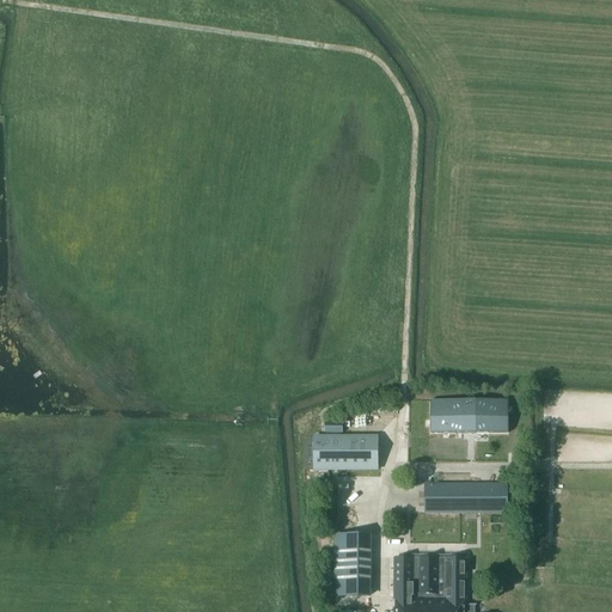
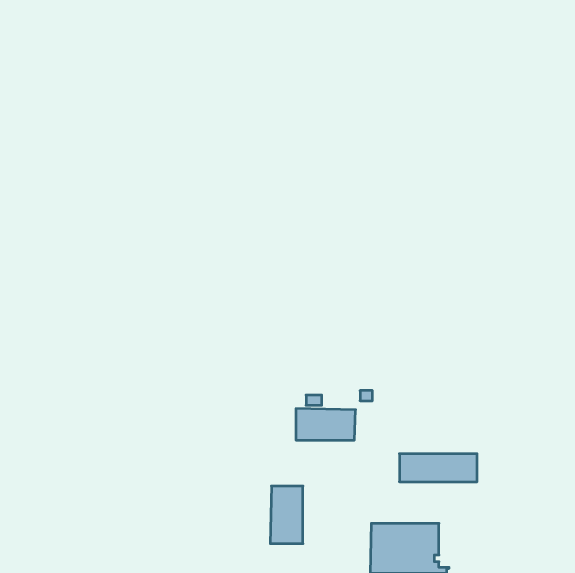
building: [430,398,508,432] -> none
building: [335,533,369,594] -> [270,486,303,544]

